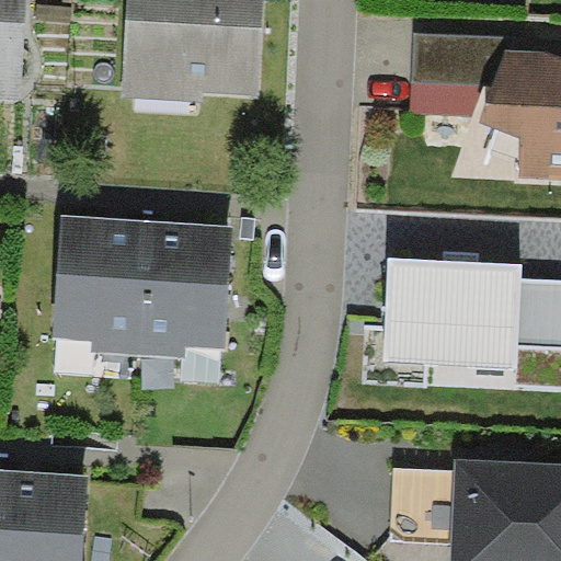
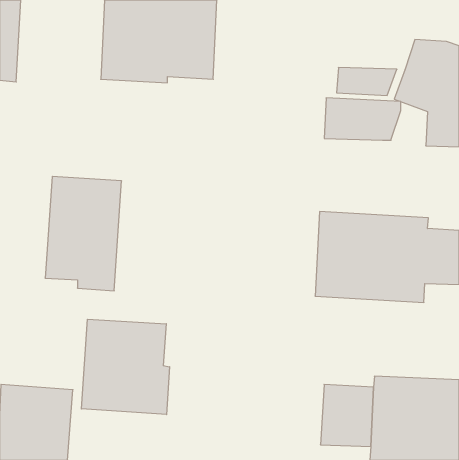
building: [412,33,505,84] -> [324,98,401,140]
building: [139,220,236,357] -> none
building: none -> [81,319,170,415]

